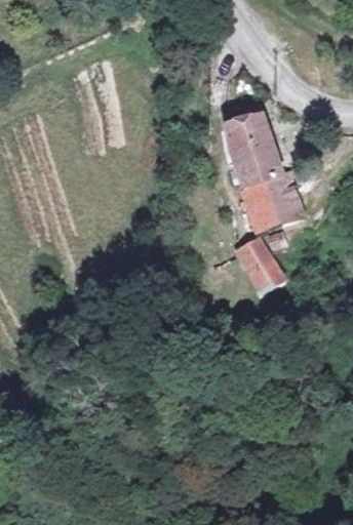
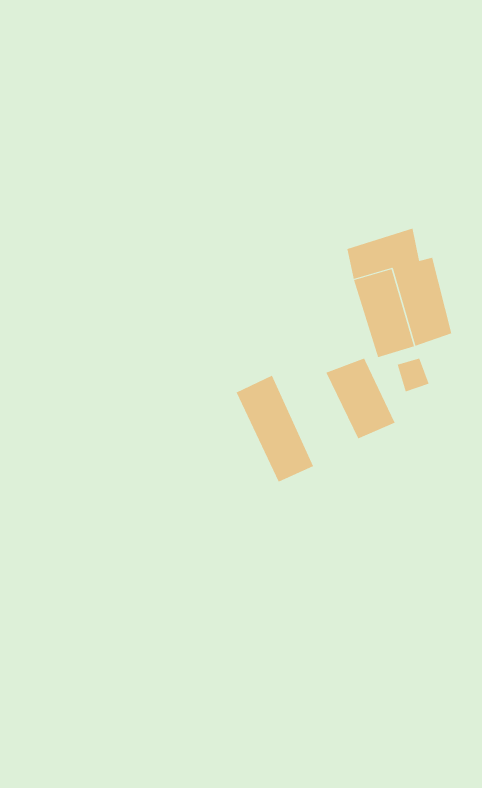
building: [228,110,280,164] -> none
building: none -> [236,375,314,482]

